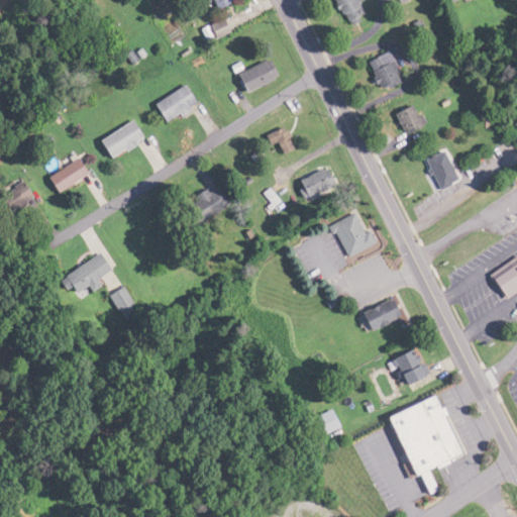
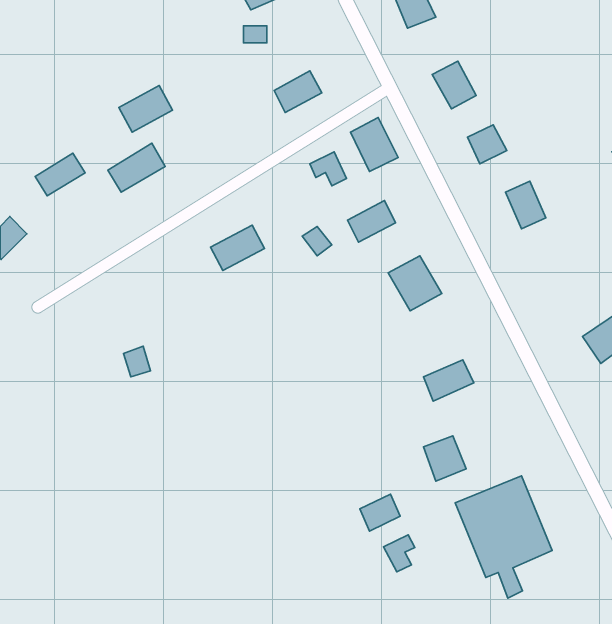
building: [154,85,199,123] -> [119,86,173,132]
building: none -> [351,117,398,171]
building: [47,158,89,193] -> [35,153,85,196]
building: [66,251,113,299] -> none
building: [393,348,428,386] -> [423,436,466,481]
building: none -> [384,535,415,572]

